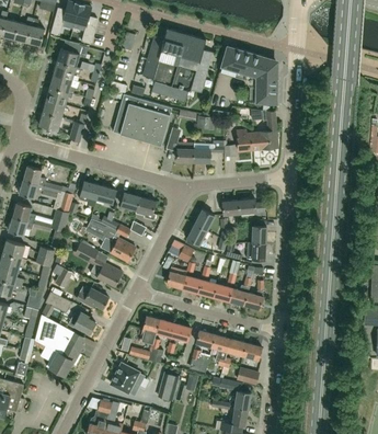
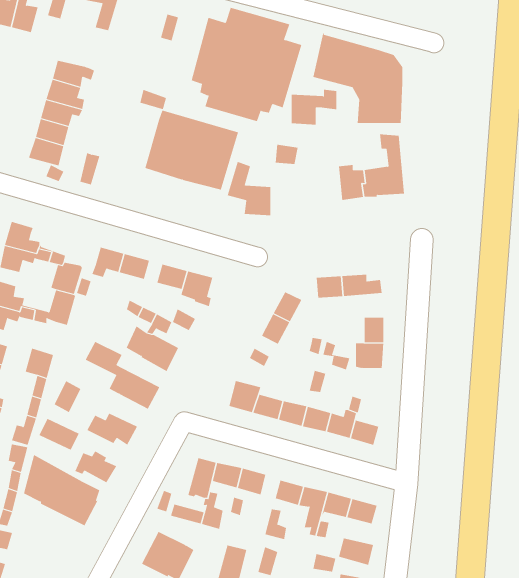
building: [57,42,89,67] -> none
building: [194,140,224,163] -> [291,89,337,125]
building: [41,346,75,376] -> none

